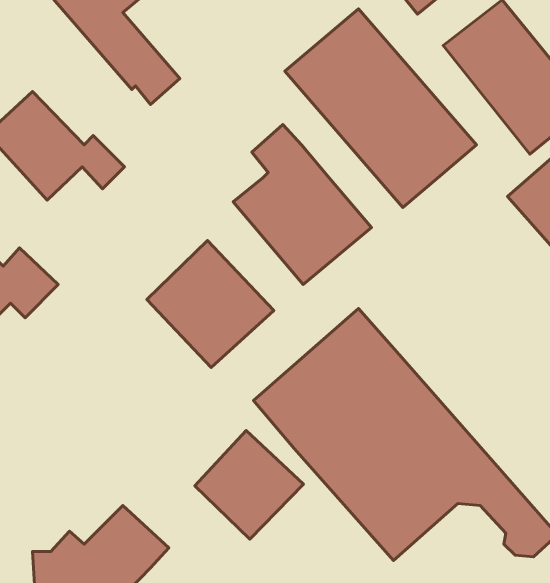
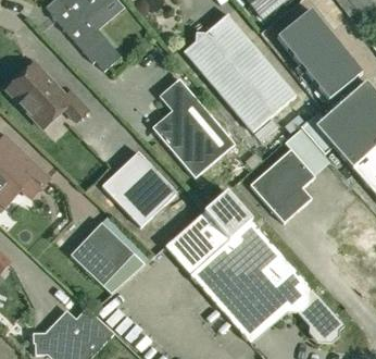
building: none -> [250,129,328,223]
building: [195,431,303,539] -> [71,222,135,286]

